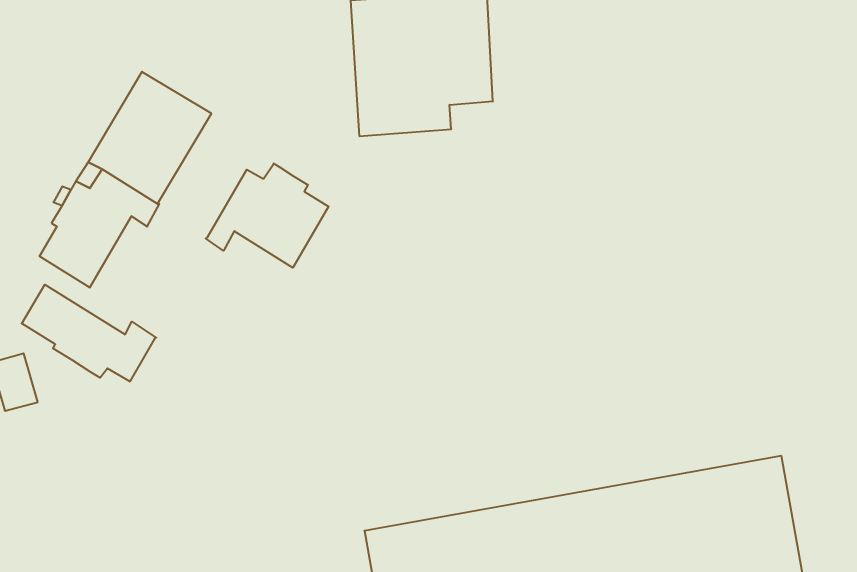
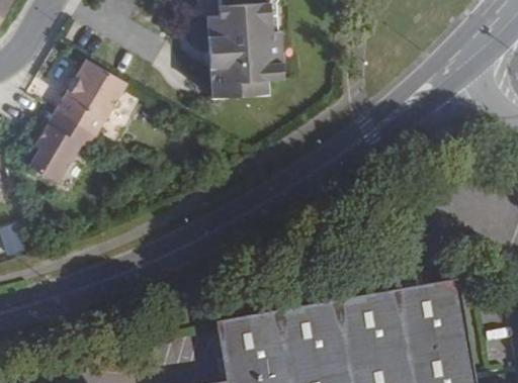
building: [206,163,329,268] -> none
building: [22,285,156,382] -> none

